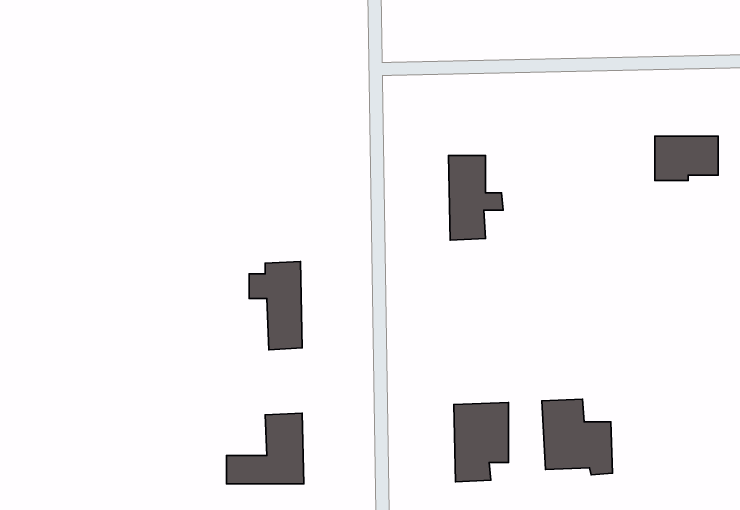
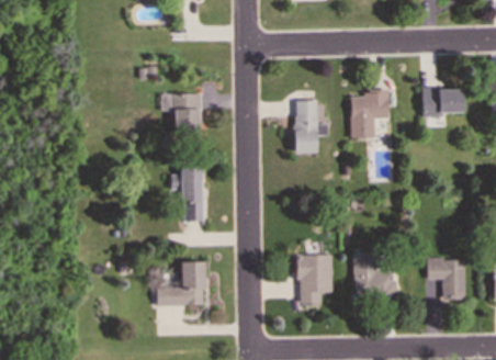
building: none -> [351,89,390,138]
building: none -> [161,93,201,130]
building: none -> [428,258,466,300]

